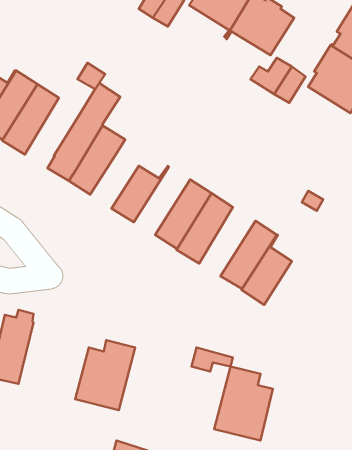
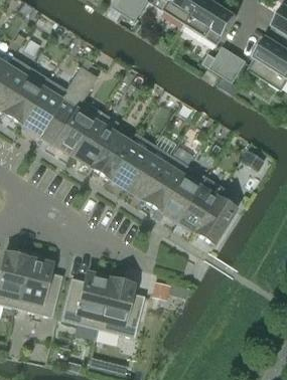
building: none -> [21,79,66,136]
building: none -> [74,123,113,168]
building: none -> [109,135,154,189]
building: none -> [161,167,206,222]
building: none -> [16,253,62,318]
building: [214,366,273,440] -> [97,279,144,339]

